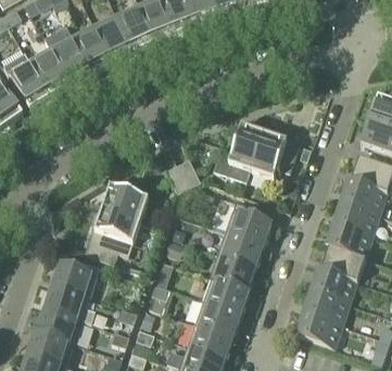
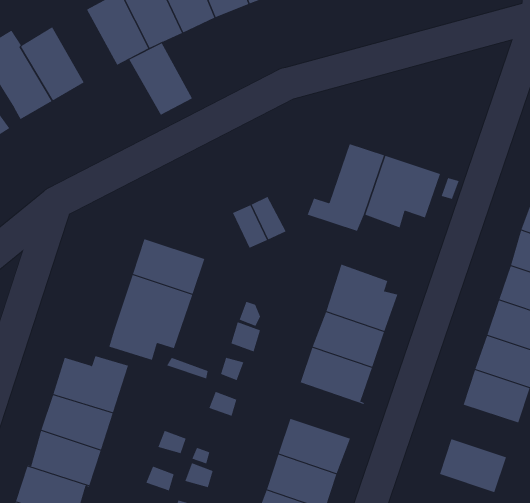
building: [51,37,92,84] -> [128,42,193,115]
building: [203,276,251,311] -> none
building: [306,290,350,323] -> none

